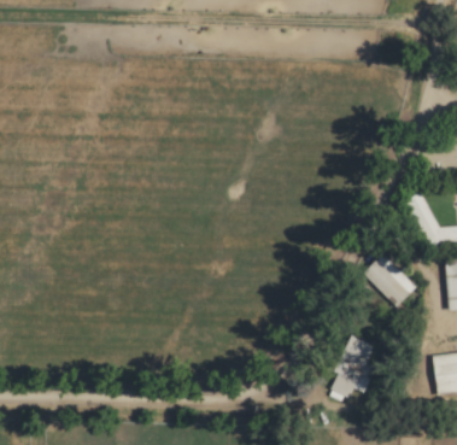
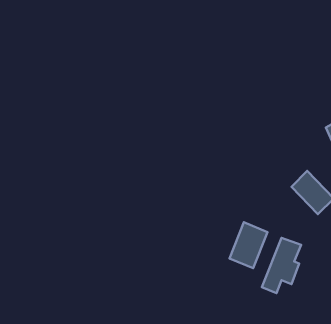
building: none -> [230,222,268,268]

